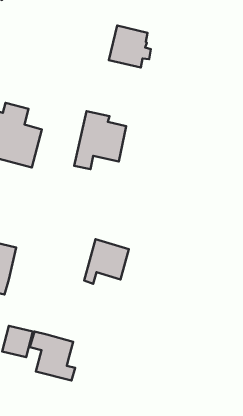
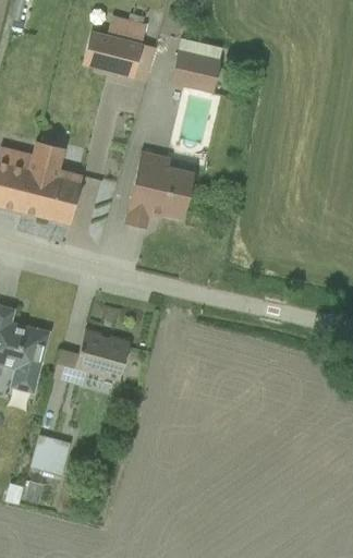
building: none -> [83,14,147,78]
building: [84,239,129,284] -> [71,327,130,386]
building: [30,332,75,381] -> none

